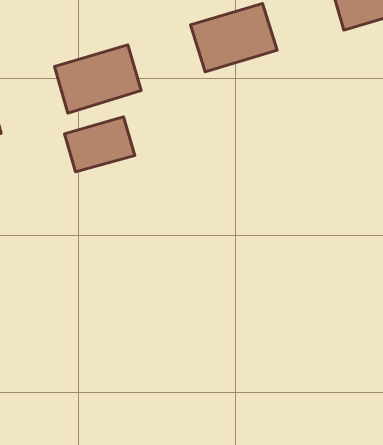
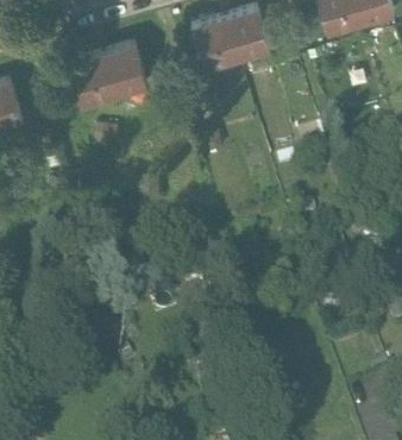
building: [64,117,135,172] -> none

